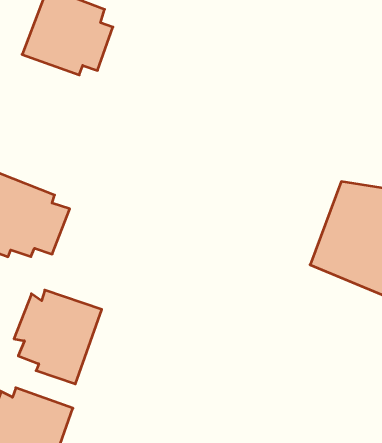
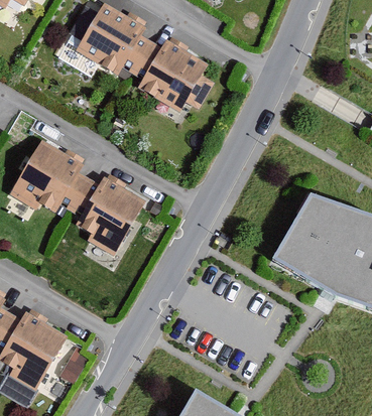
building: none -> [132,38,207,111]
building: [14,290,102,384] -> [71,177,144,256]

